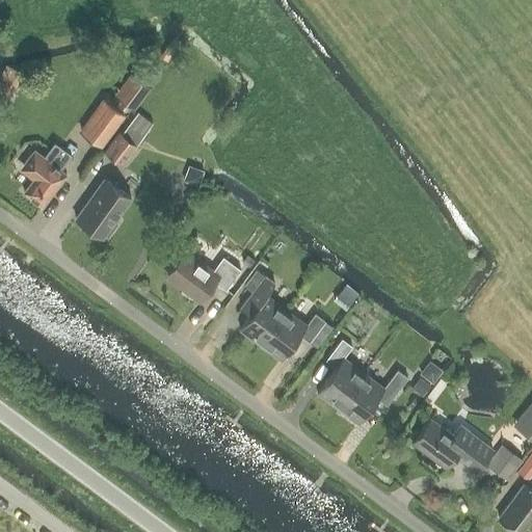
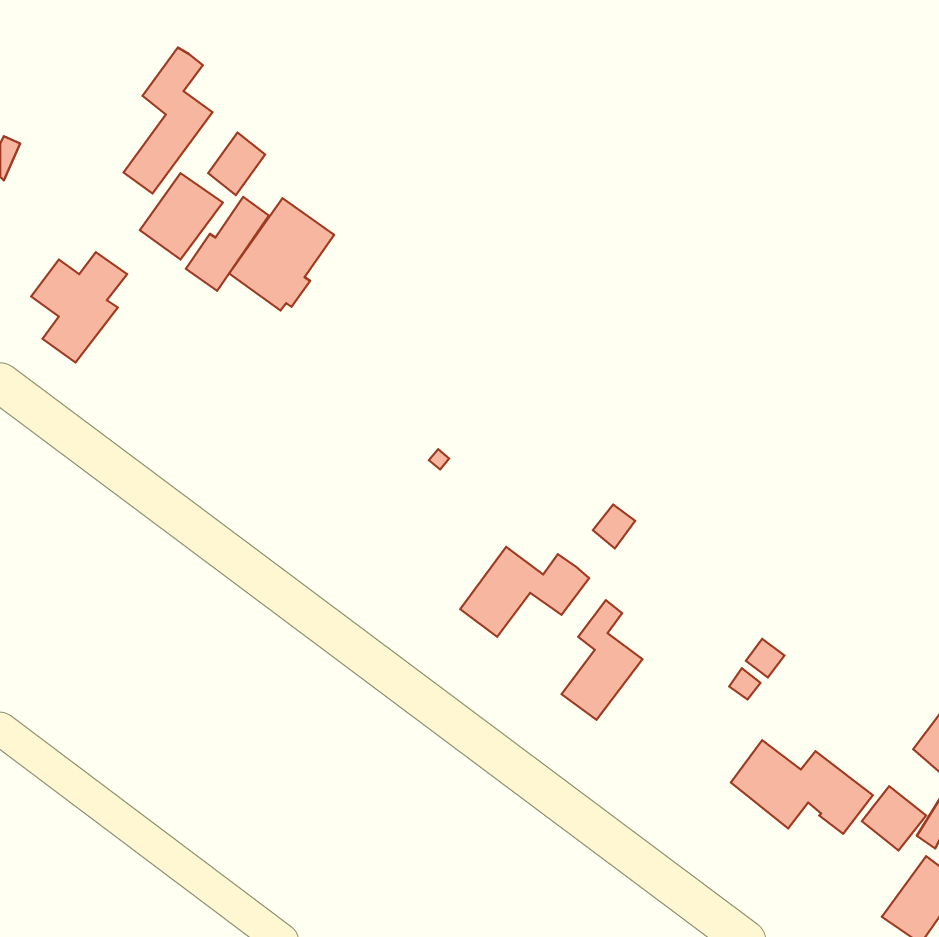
building: none -> [124,47,212,194]
building: [74,178,133,241] -> [229,198,334,310]
building: [168,254,241,301] -> none
building: [241,271,287,346] -> none
building: [338,372,408,425] -> none

